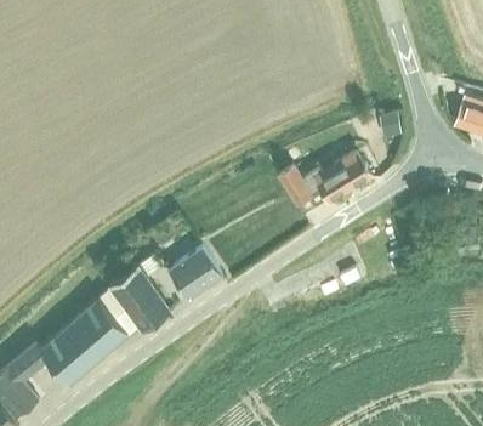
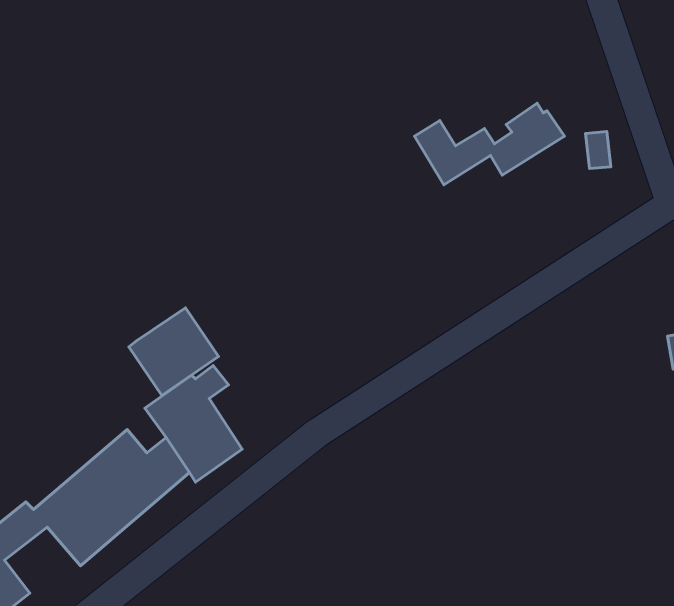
building: [277,154,370,205] -> [414,103,565,185]
building: [166,246,222,301] -> [129,308,218,396]

